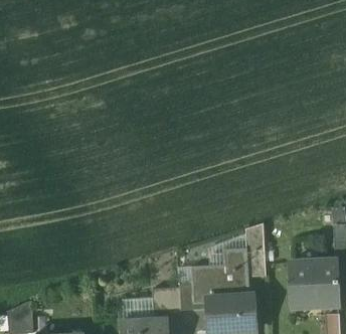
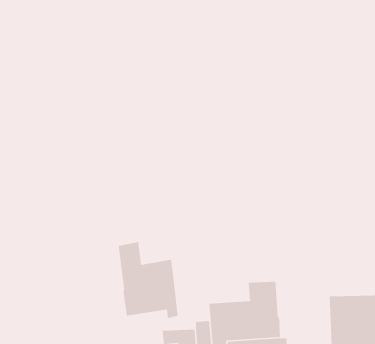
building: none -> [118,241,178,319]
building: [244,223,266,278] -> none

